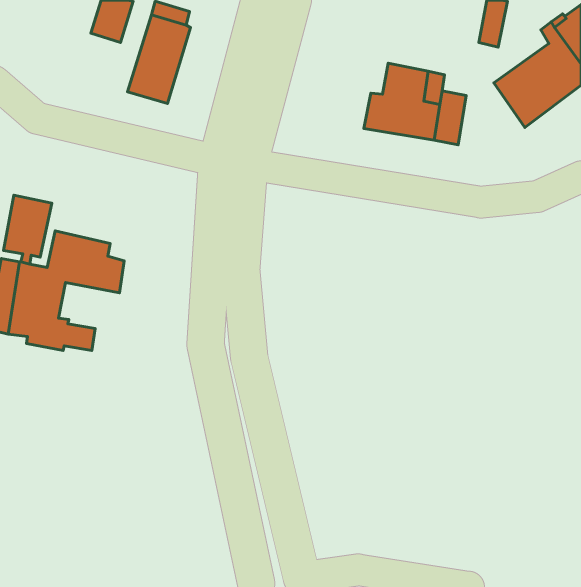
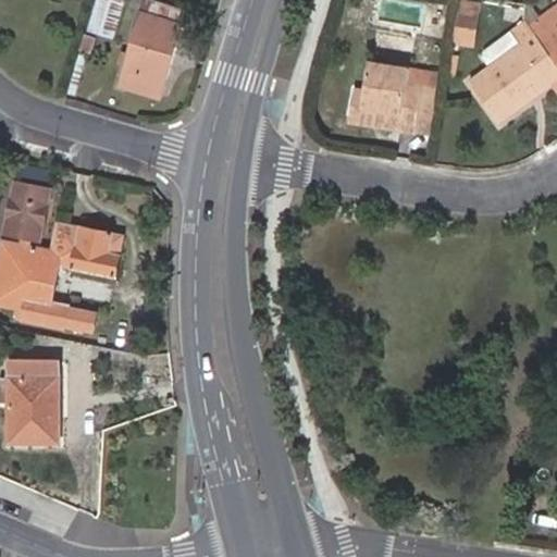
building: none -> [10,359,58,440]

